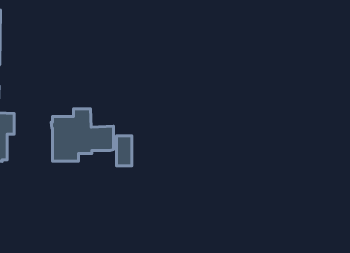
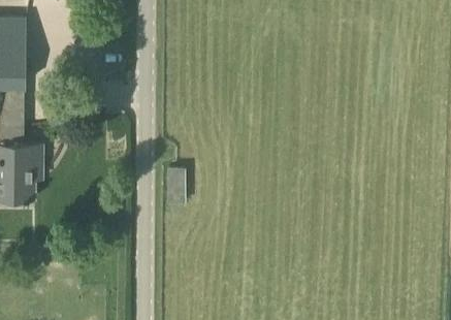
building: [51,109,114,161] -> none

